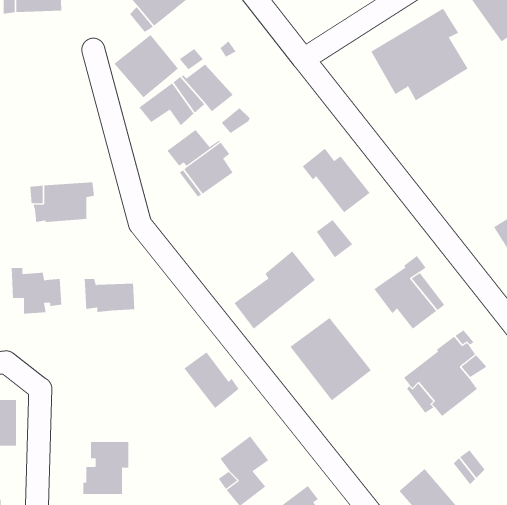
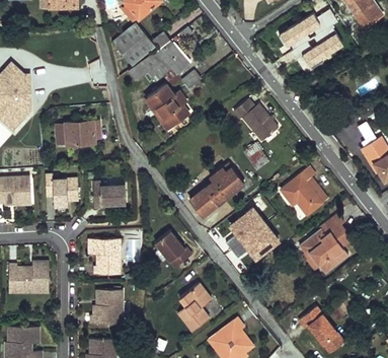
building: none -> [88,238,119,275]

